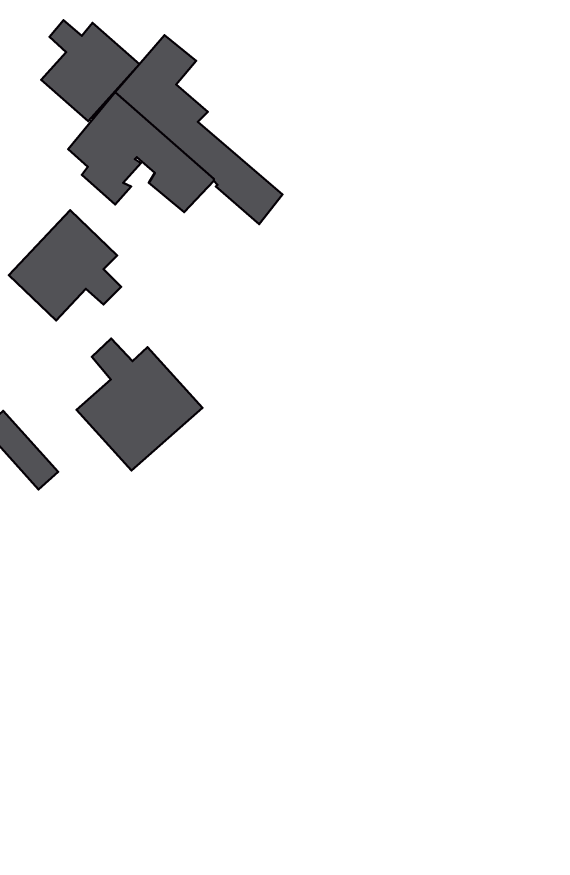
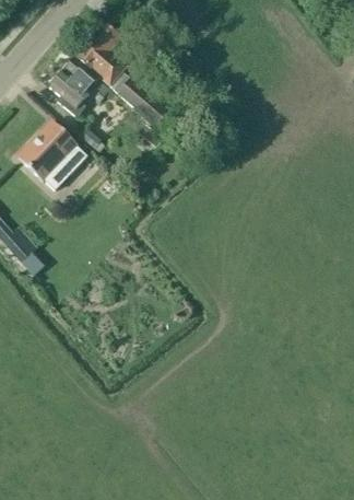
building: [41,20,139,121] -> none
building: [76,338,203,471] -> none

